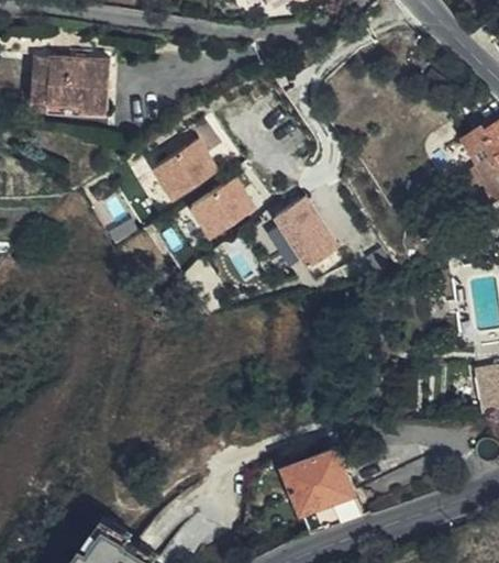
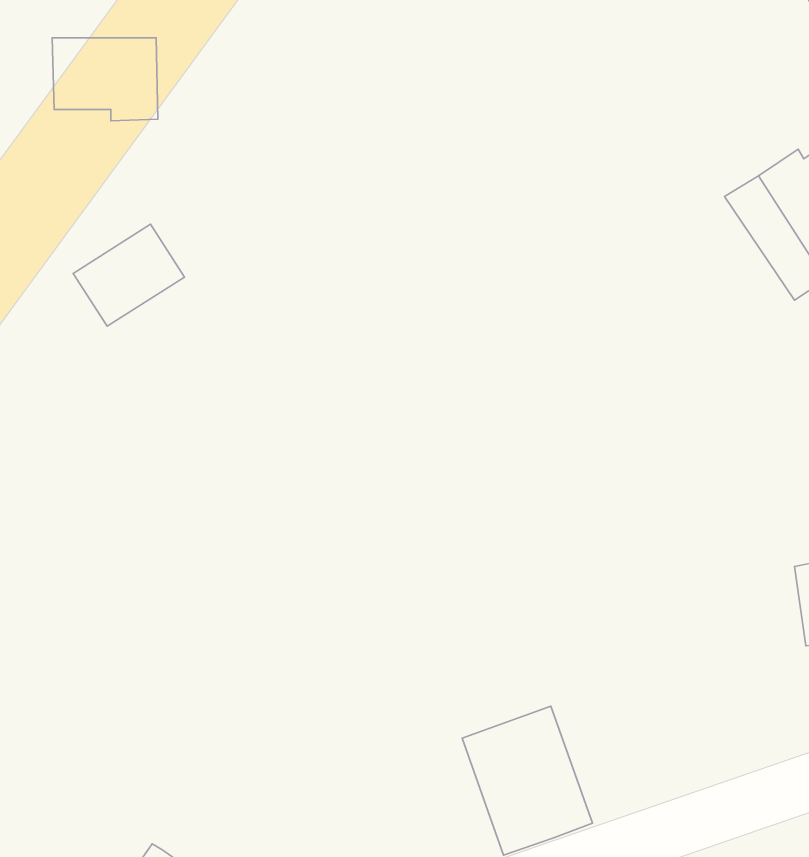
building: [151,141,215,200] -> [73,224,185,326]
building: [189,178,253,238] -> none
building: [273,196,336,266] -> none

